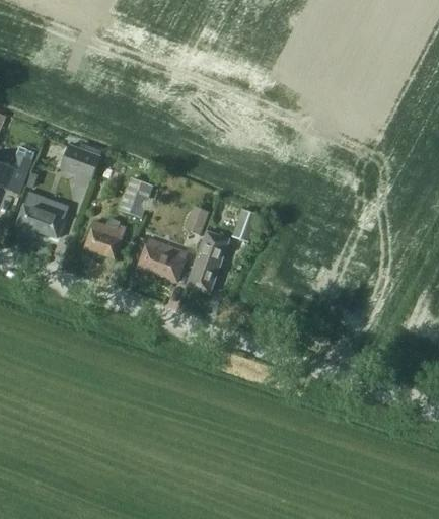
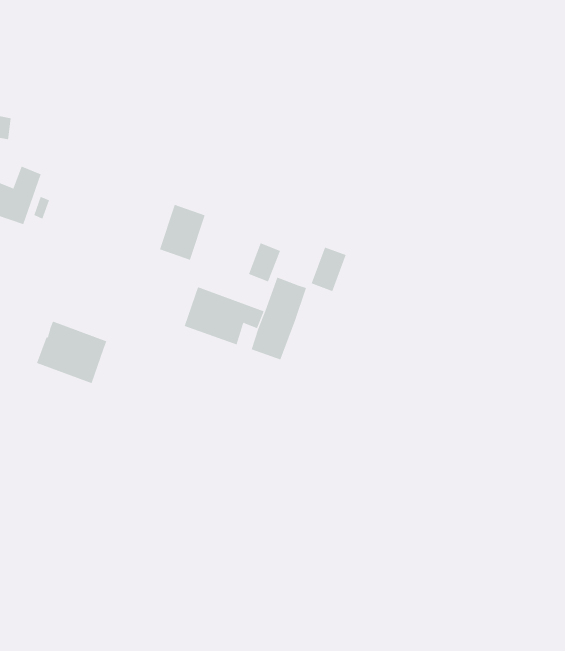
building: [60,143,103,180] -> none
building: [16,192,69,238] -> [36,321,107,384]
building: [84,220,126,258] -> none

